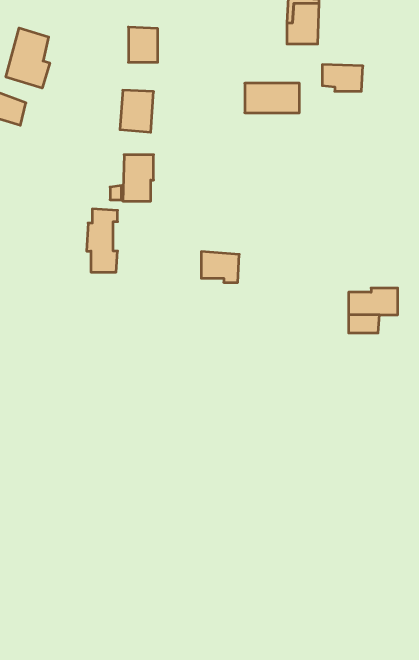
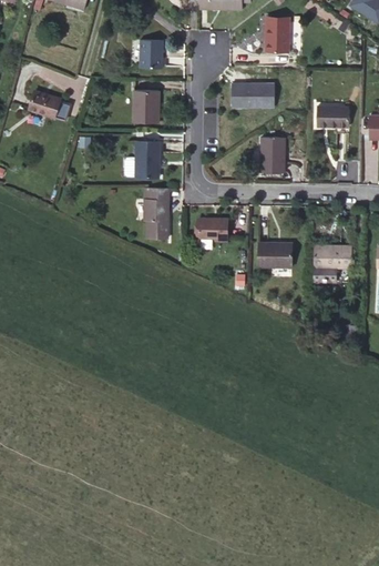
building: [6,28,50,88] -> none
building: [322,65,363,91] -> [318,105,350,127]
building: none -> [260,137,285,172]
building: [87,209,118,272] -> [144,188,168,237]
building: none -> [259,242,291,266]

